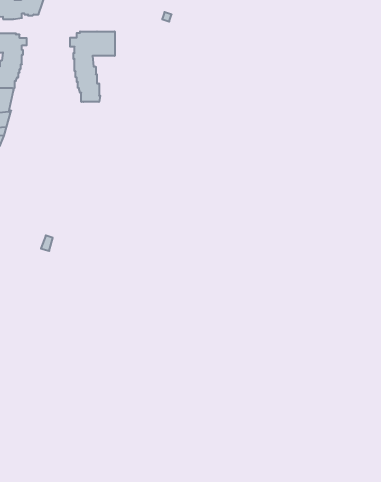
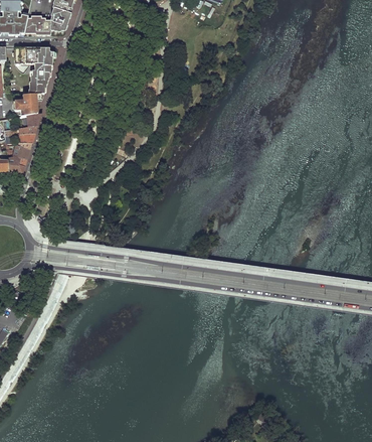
building: [70,31,115,102] -> none

